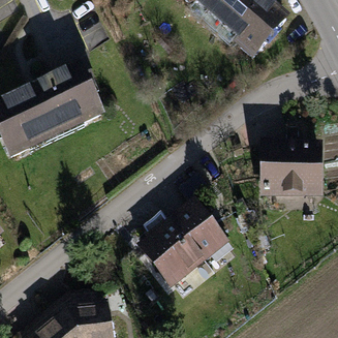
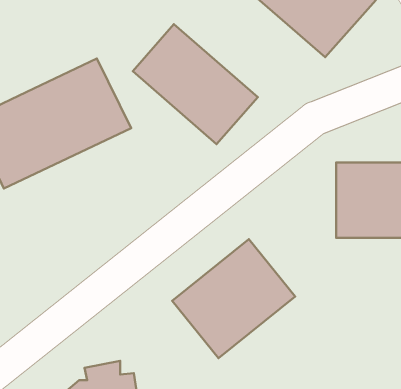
building: none -> [133,24,258,144]

